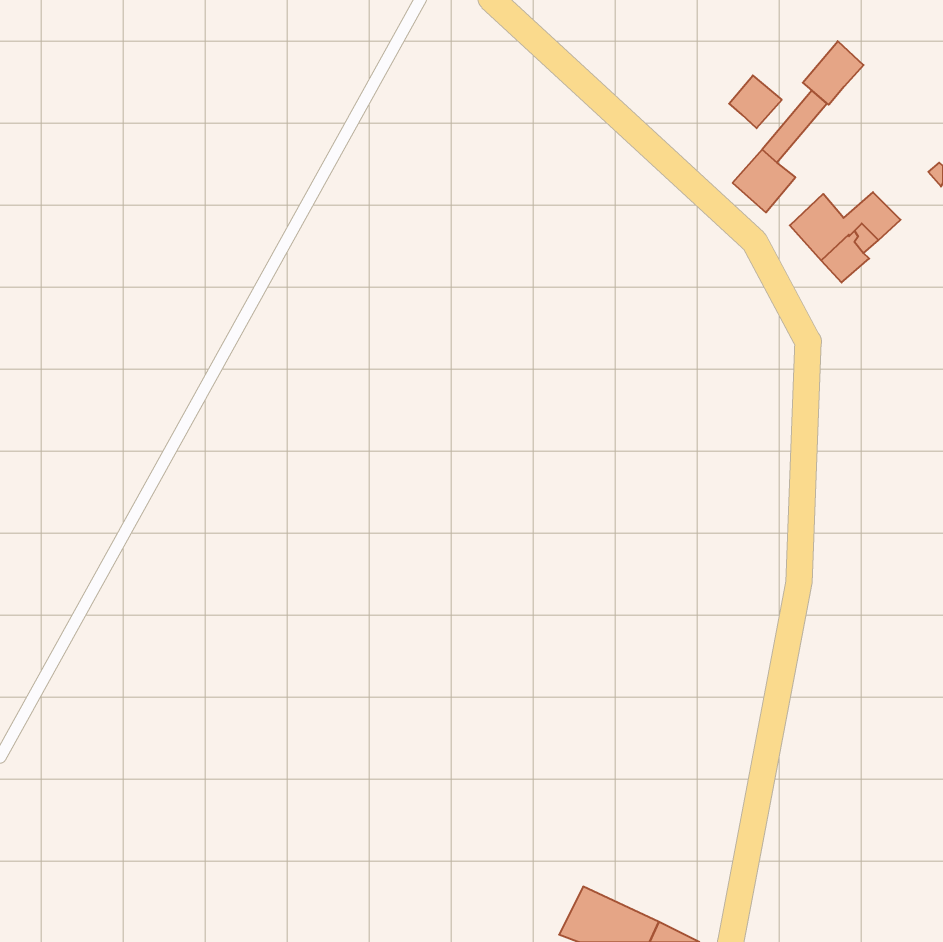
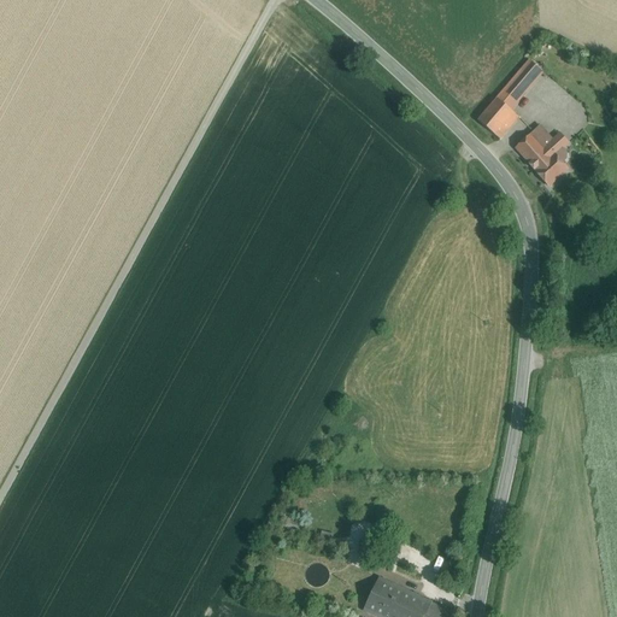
building: [803,41,864,105] -> none
building: [729,75,782,128] -> none

